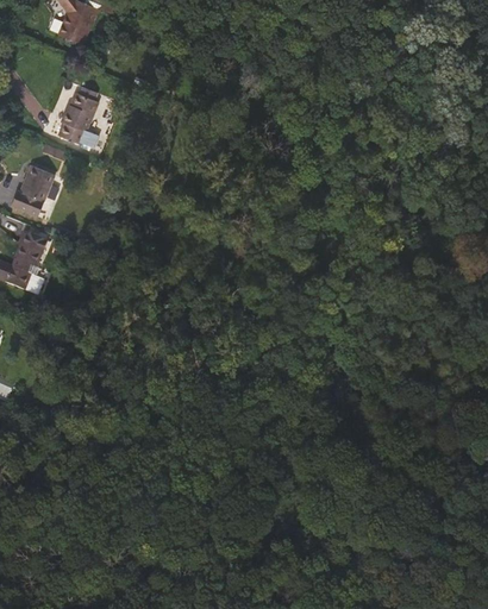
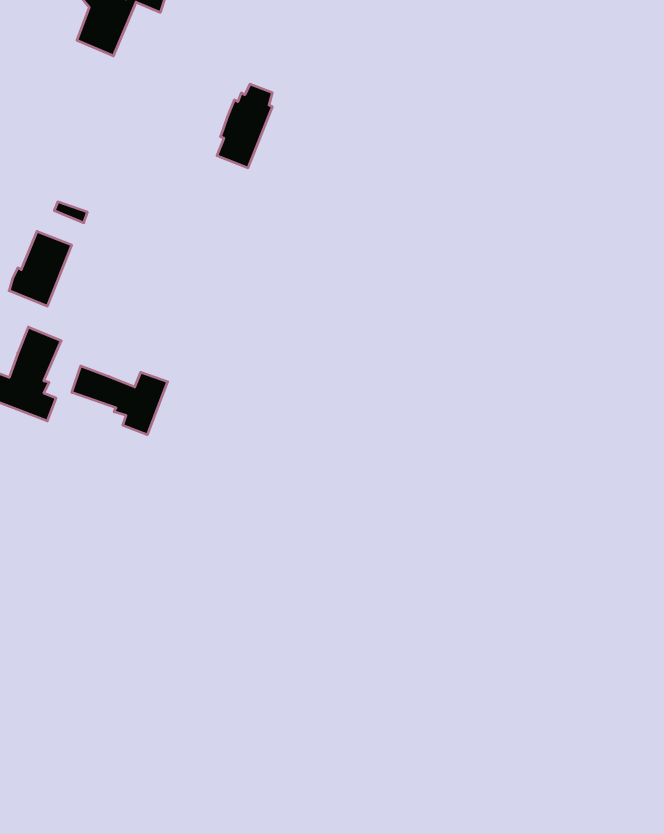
building: [60,84,98,142] -> [217,84,272,168]
building: none -> [72,366,168,435]

